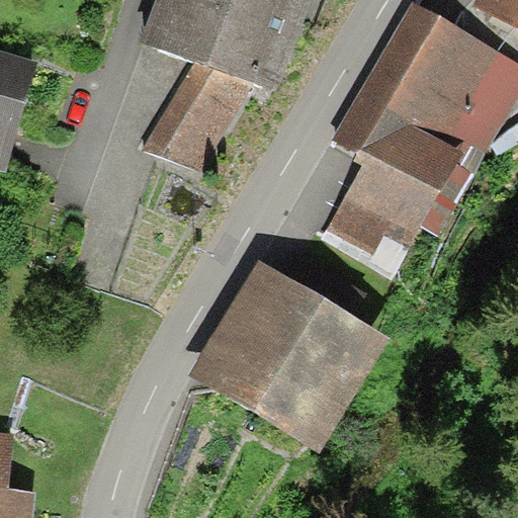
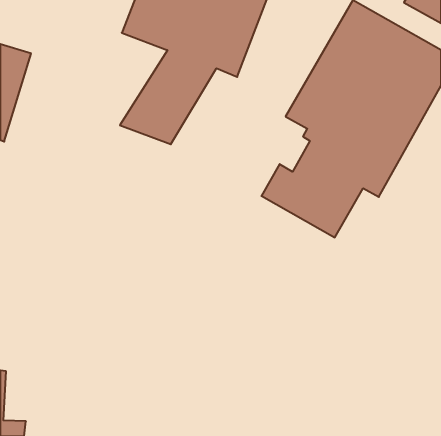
building: [190,261,387,447] -> none

